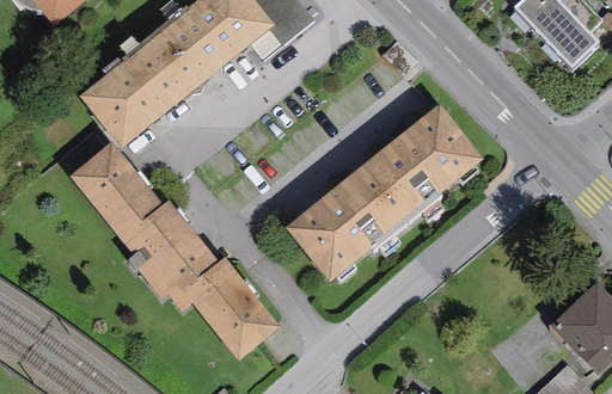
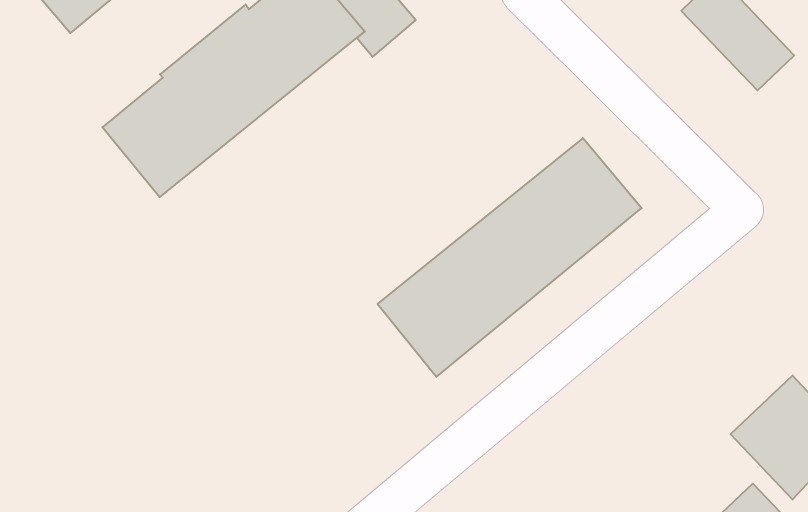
building: [69,142,280,359] -> none

